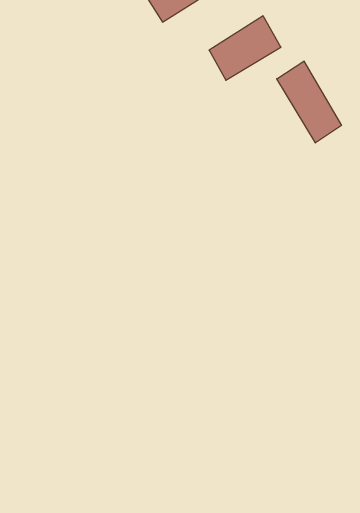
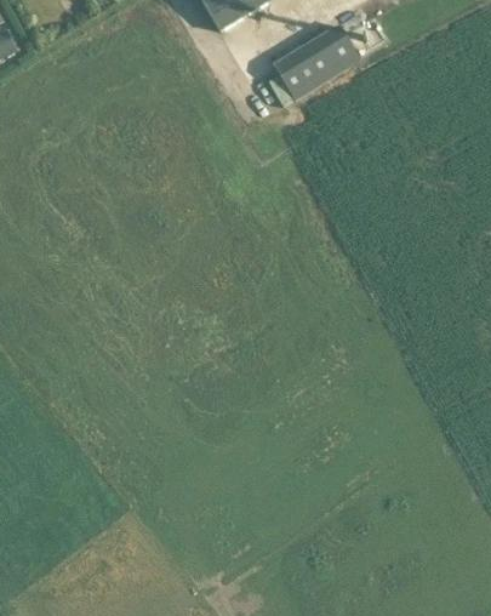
building: [277,61,341,143] -> none

